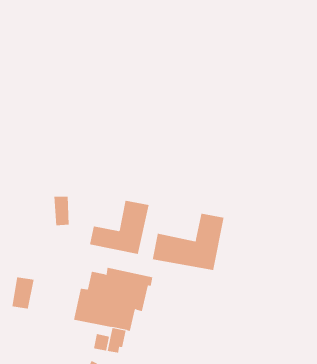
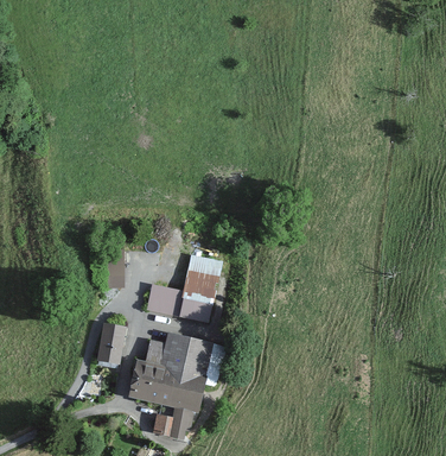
building: [152,213,224,271] -> none
building: [12,277,34,309] -> [97,323,125,362]

